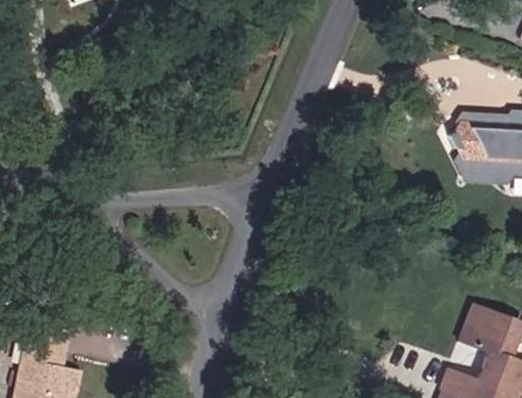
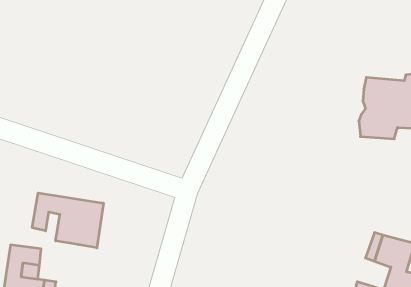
building: none -> [32,193,103,248]

